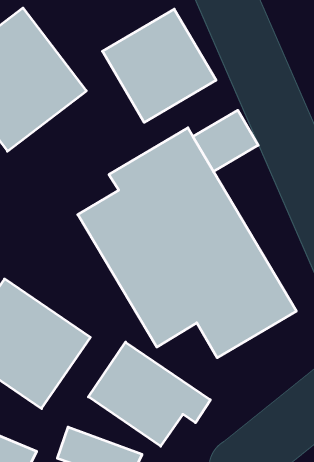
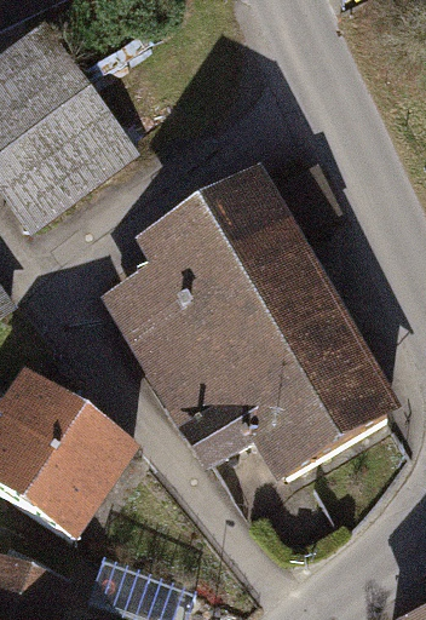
building: [102,9,216,122] -> none
building: [88,342,210,446] -> none

